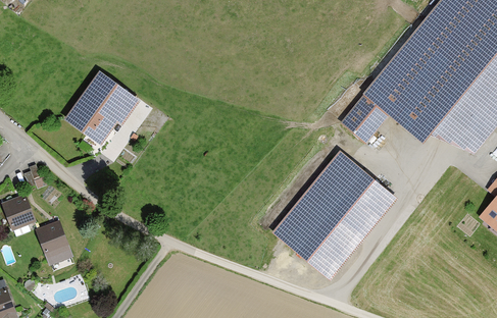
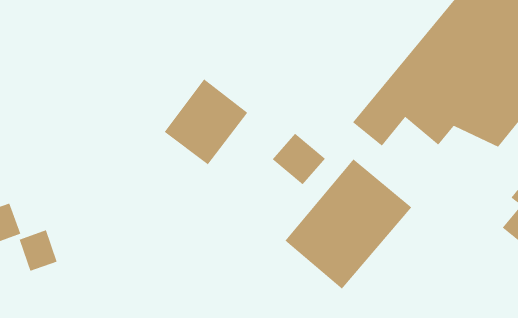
building: [63,70,141,150] -> [164,79,248,165]
building: none -> [272,133,326,185]

